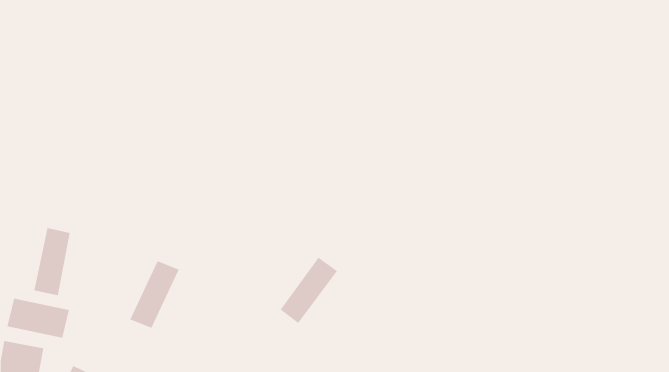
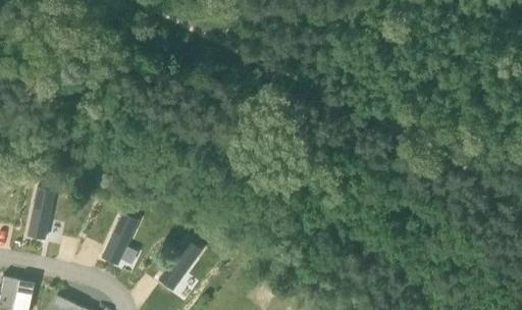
building: [280,257,338,324] -> [158,240,203,292]
building: [7,298,70,338] -> none

